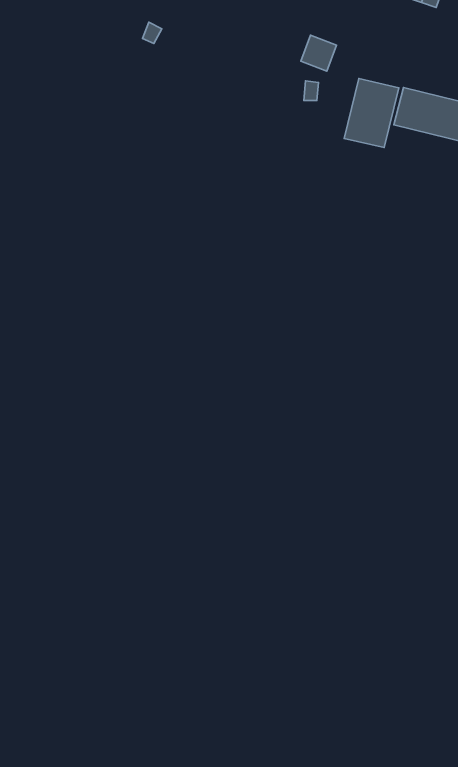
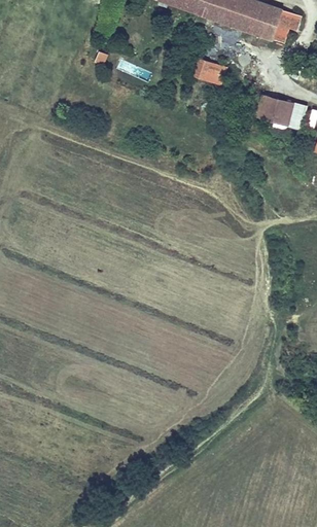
building: [344,78,399,148] -> none

